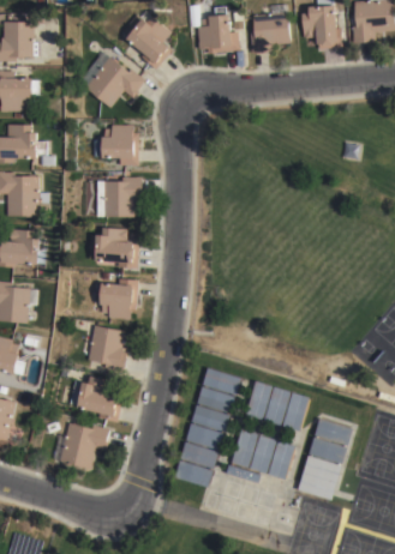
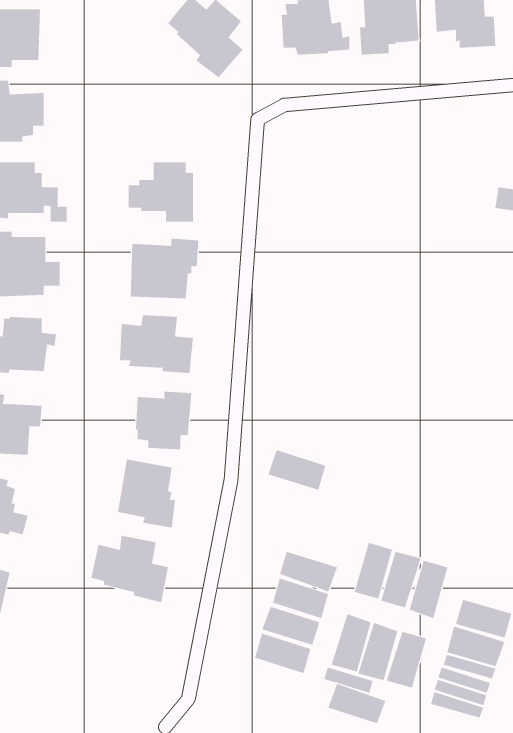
building: [78,49,145,107] -> none
building: [203,368,243,396] -> [267,450,326,491]
building: [53,423,110,469] -> none
building: [174,460,214,488] -> [328,683,386,724]

